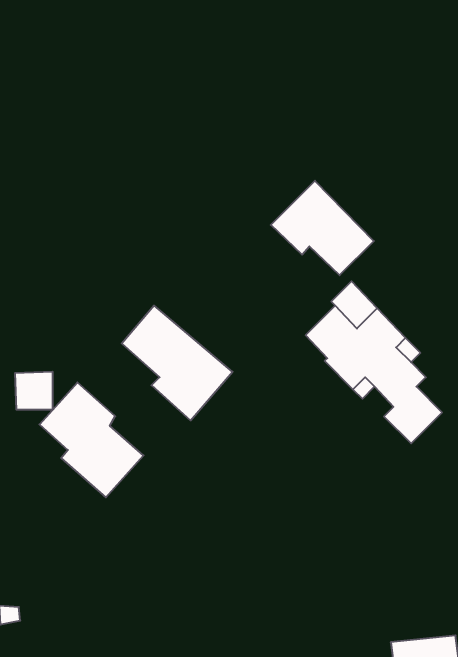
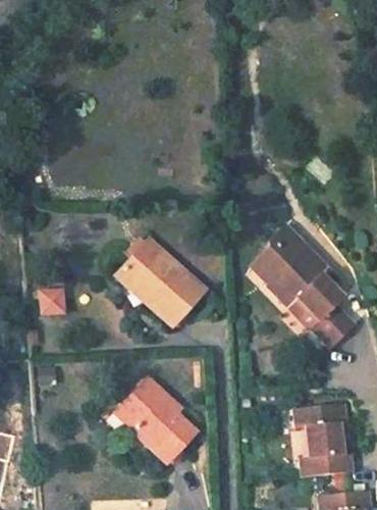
building: [271,181,374,275] -> none
building: [39,382,144,497] -> [113,379,192,466]
building: none -> [299,403,354,475]

